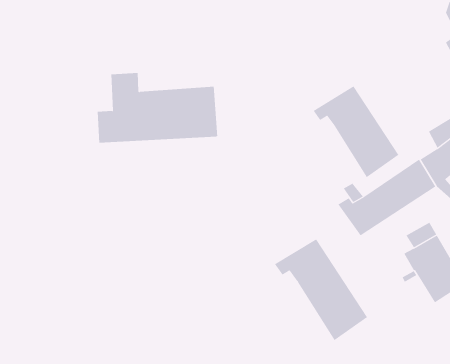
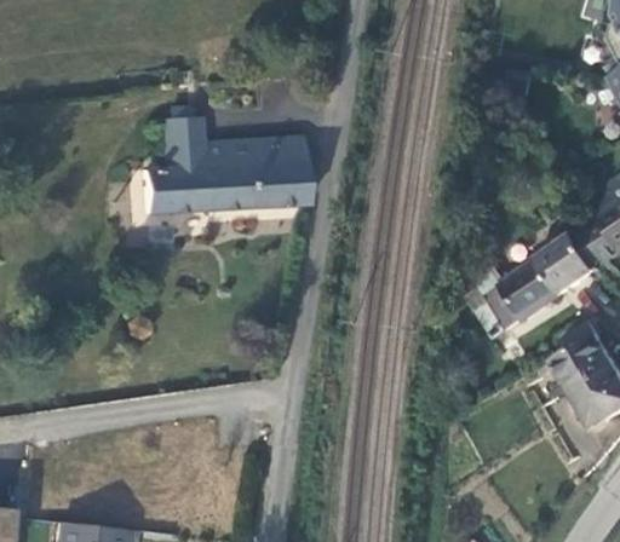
building: [313,86,399,178] -> none
building: [274,238,368,341] -> none

